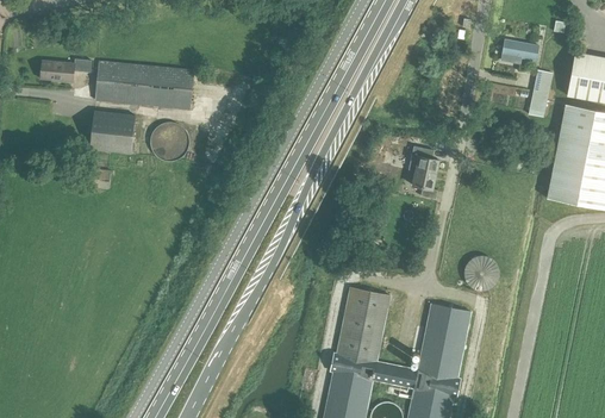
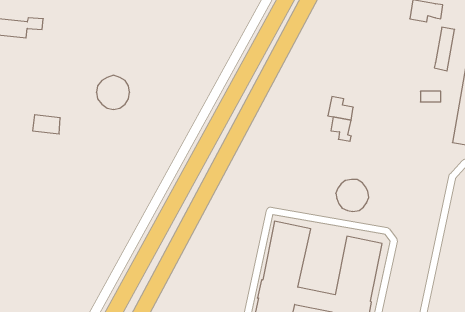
building: [94,61,194,108] -> none
building: [89,110,136,154] -> none
building: [463,257,500,293] -> [336,179,369,211]

